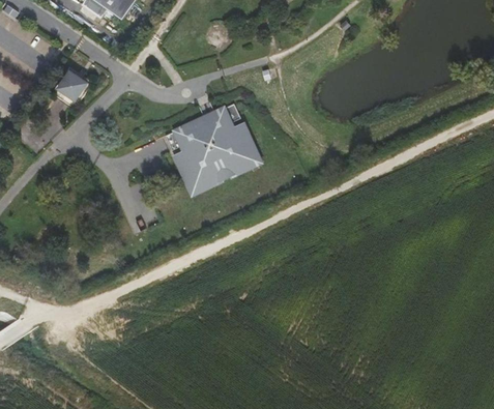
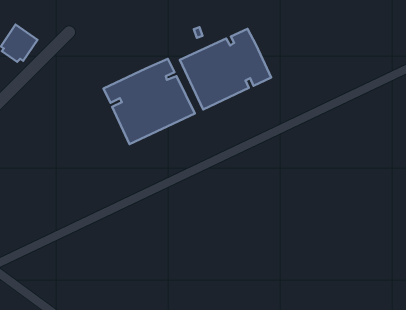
building: none -> [180,29,271,110]

